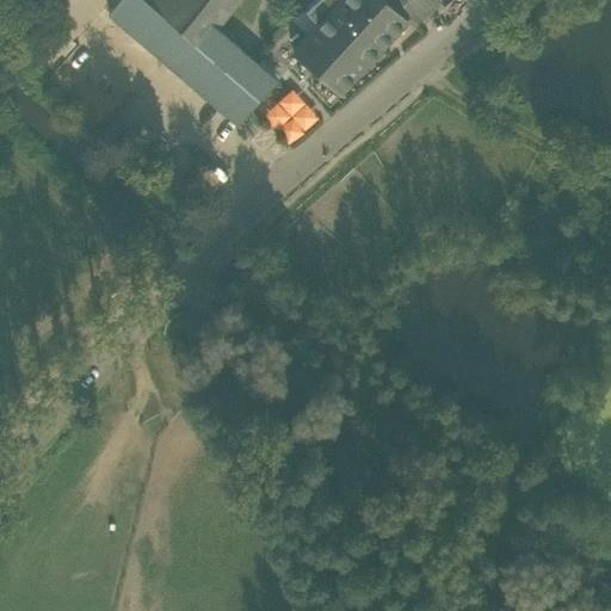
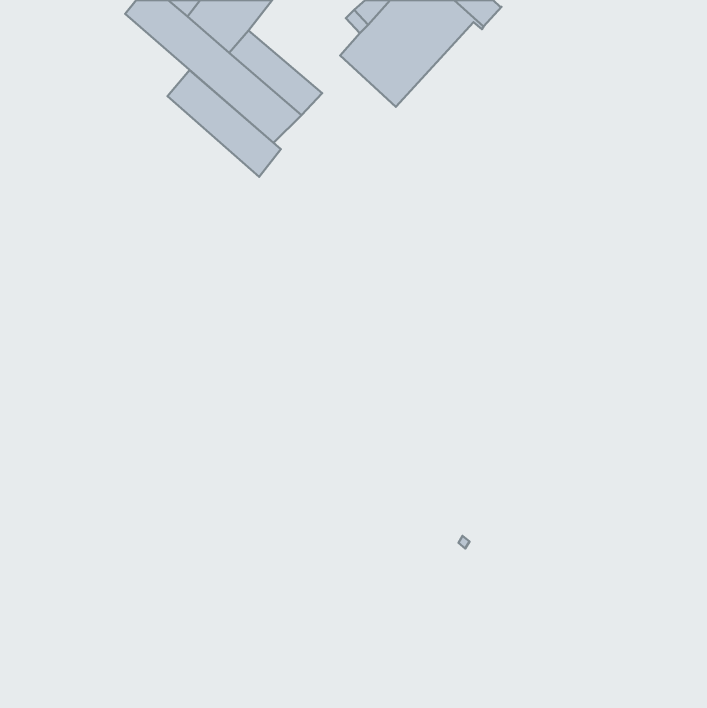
building: none -> [167,70,281,177]
building: [261,87,316,142] -> none

